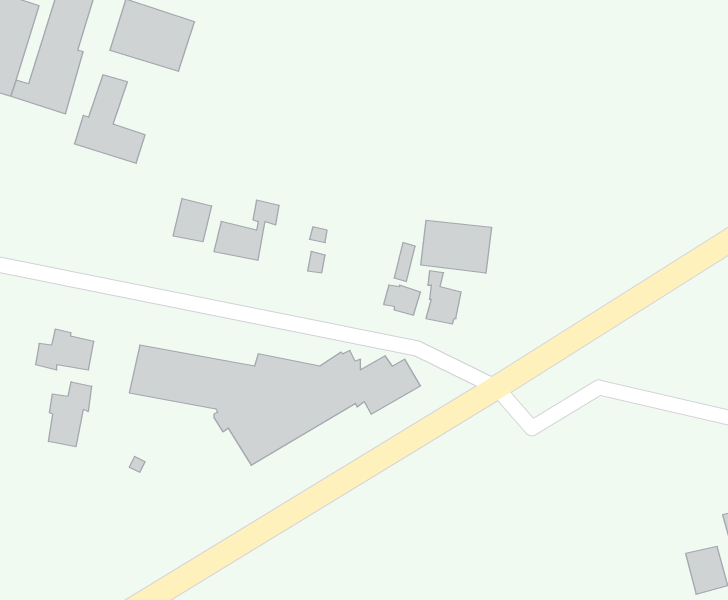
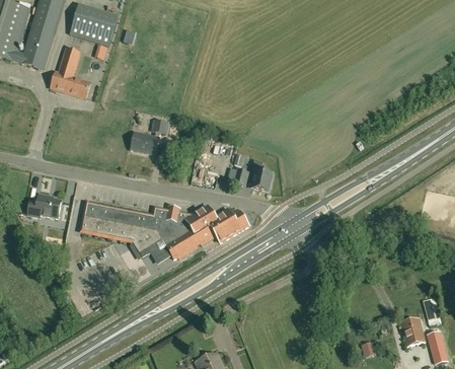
building: [173,198,212,242] -> none
building: [421,220,491,273] -> none
building: [49,382,92,447] -> none

